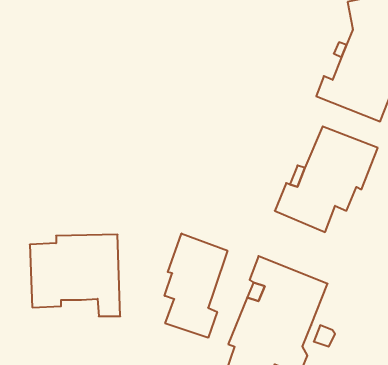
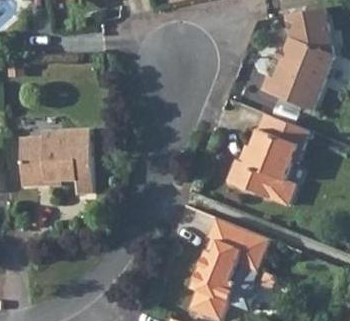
building: [165,233,227,338] -> none
building: [30,235,120,316] -> [20,129,92,194]

